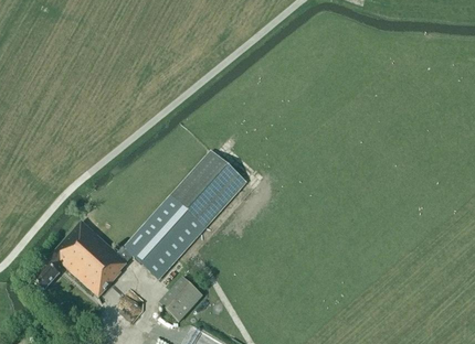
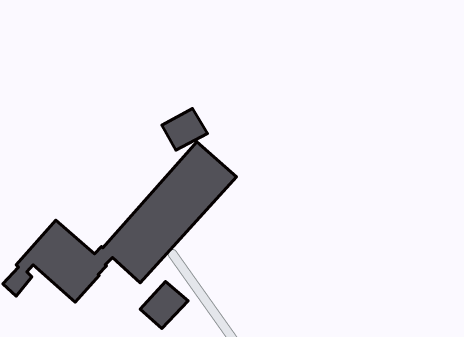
building: none -> [162,108,207,150]

